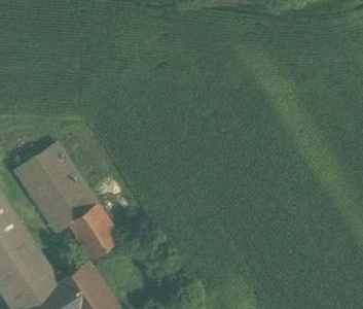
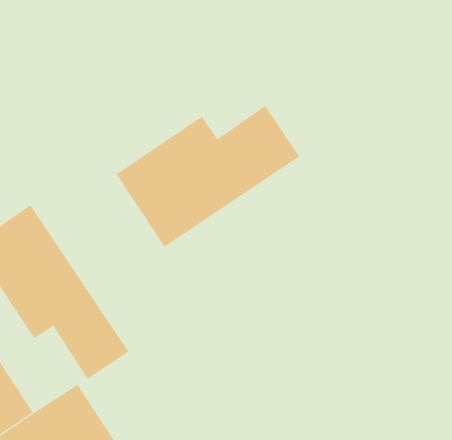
building: none -> [116,105,300,248]

